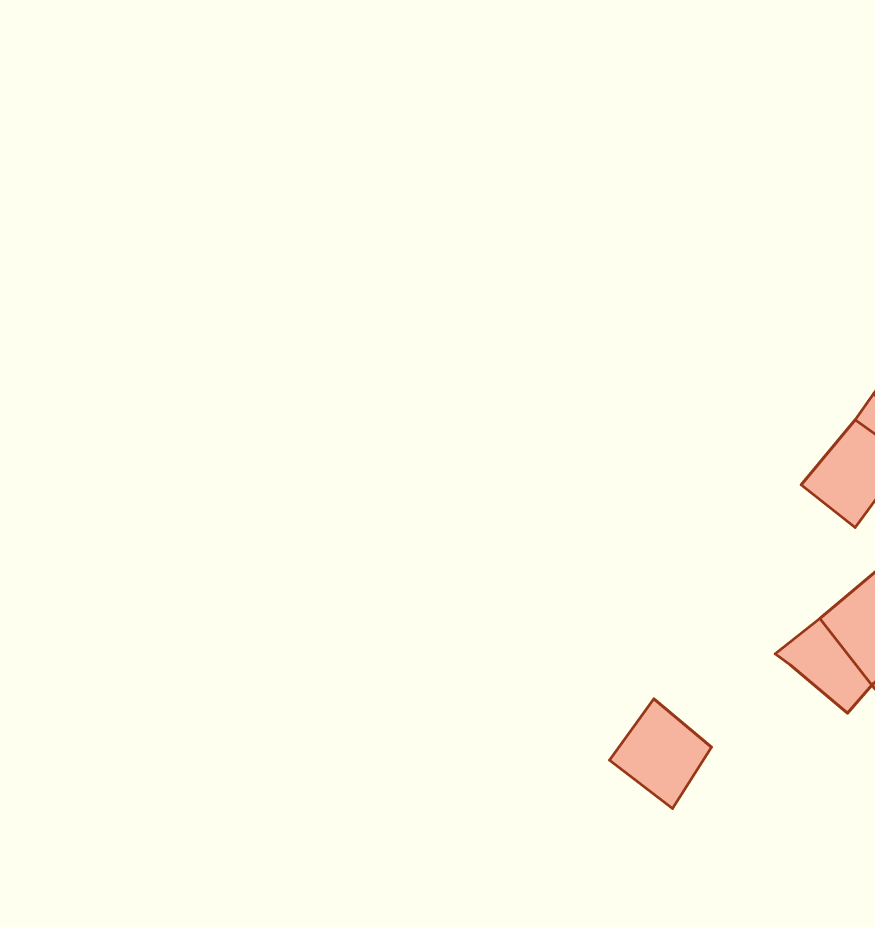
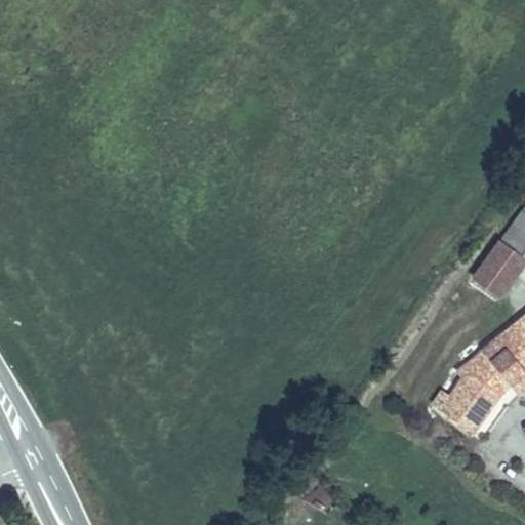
building: [609,699,711,808] -> [440,375,496,436]

